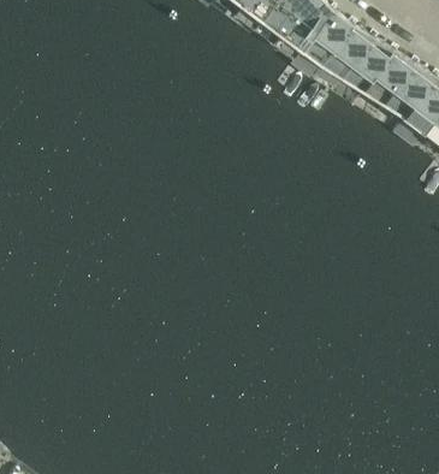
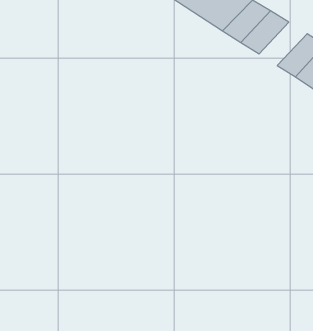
building: [356,51,416,105] -> none

